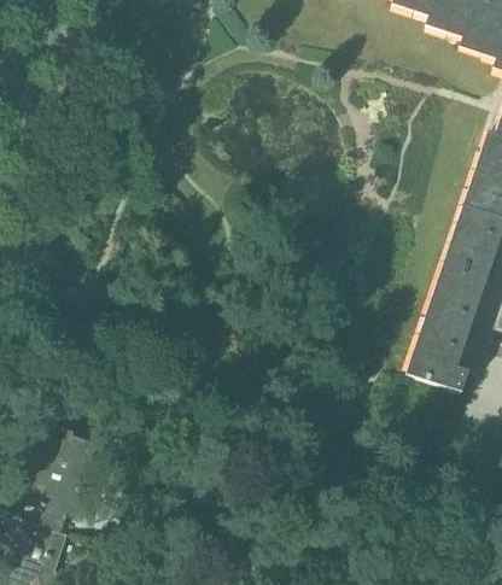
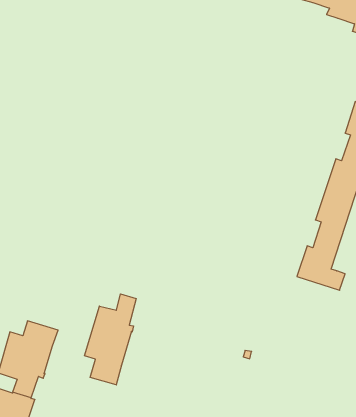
building: none -> [85,294,136,385]

